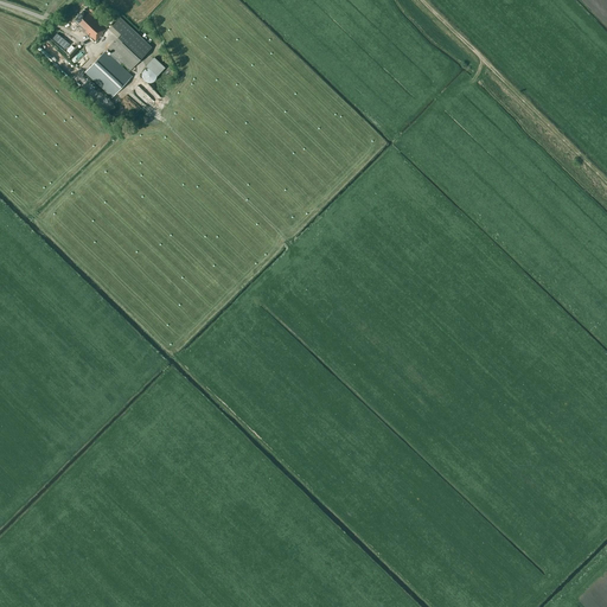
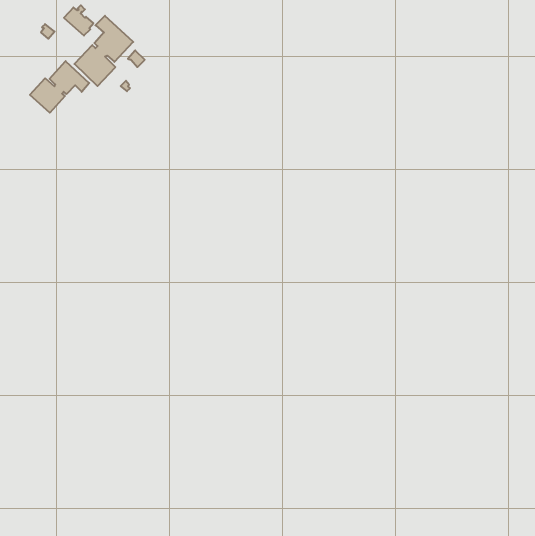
building: none -> [30,61,89,113]

